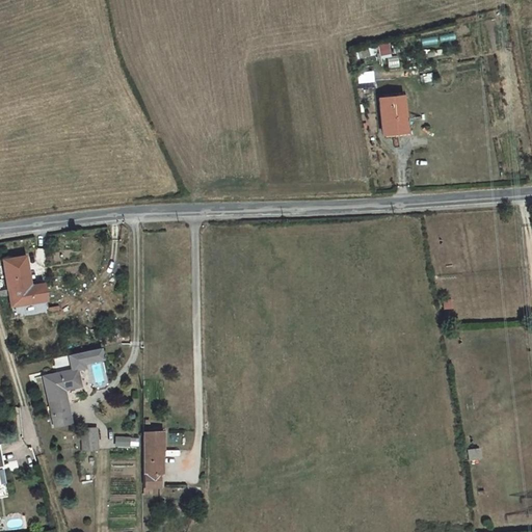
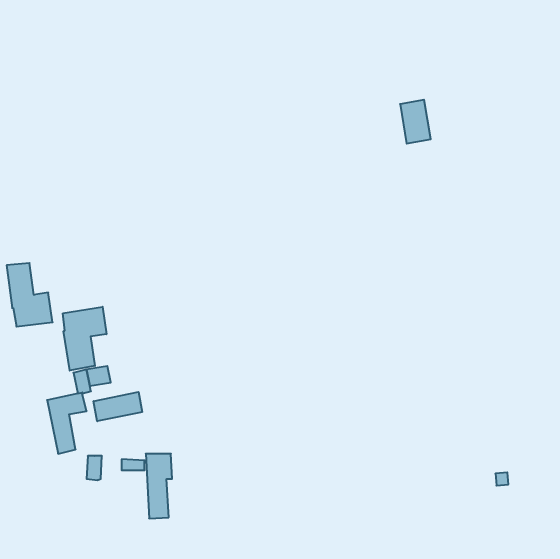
building: none -> [63,307,106,371]
building: none -> [94,392,142,421]

